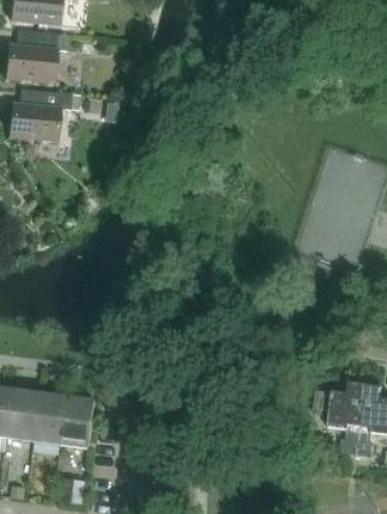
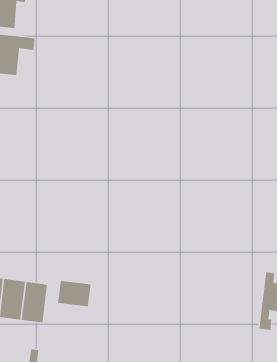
building: [314,382,366,454] -> none
building: none -> [58,280,91,307]

